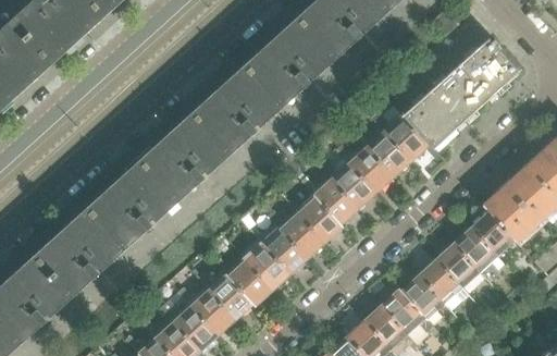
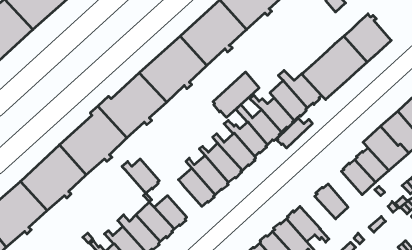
building: none -> [213,72,259,117]
building: none -> [277,118,312,148]
building: [436,245,481,292] -> none
building: [222,262,271,307] -> [122,159,159,193]
building: [401,278,446,322] -> none

